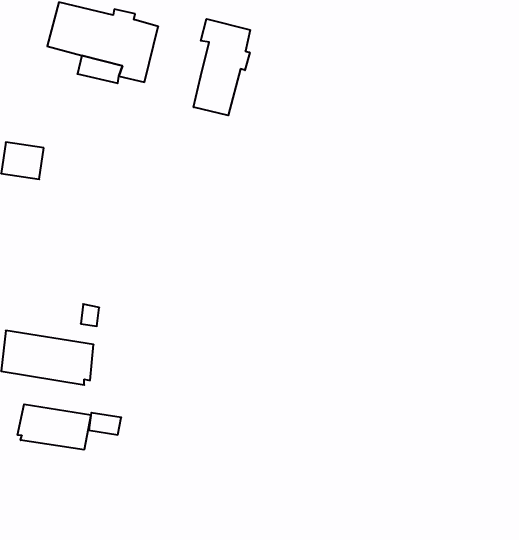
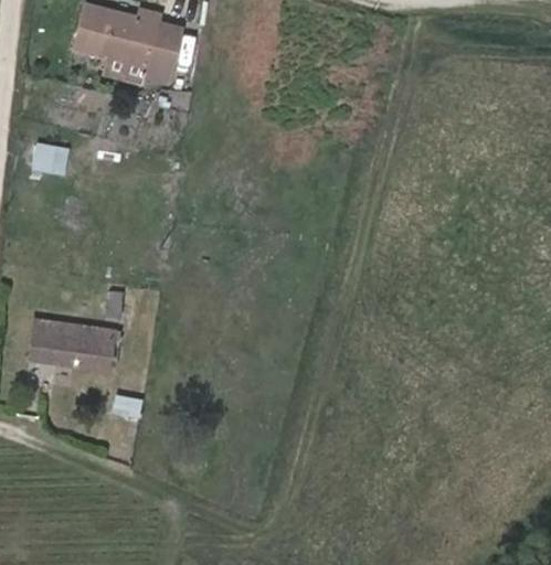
building: [194,19,250,115] -> none
building: [18,404,91,450] -> none

